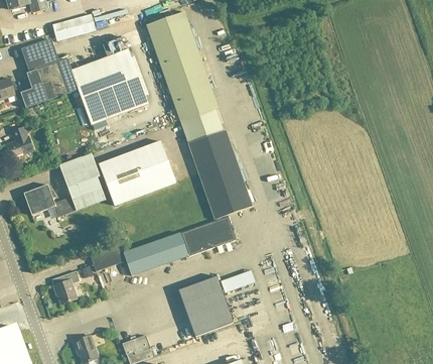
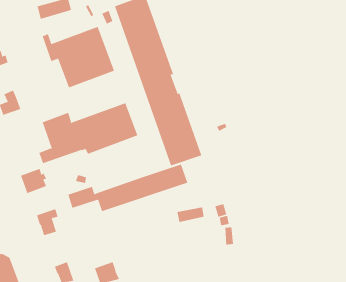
building: [20,38,69,107] -> none
building: [23,184,55,215] -> [20,168,47,194]
building: [178,275,233,336] -> none

